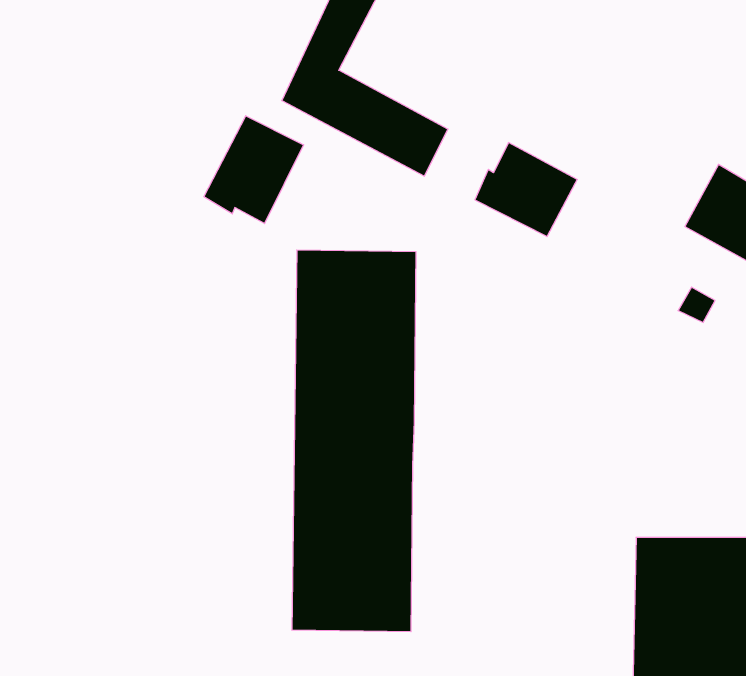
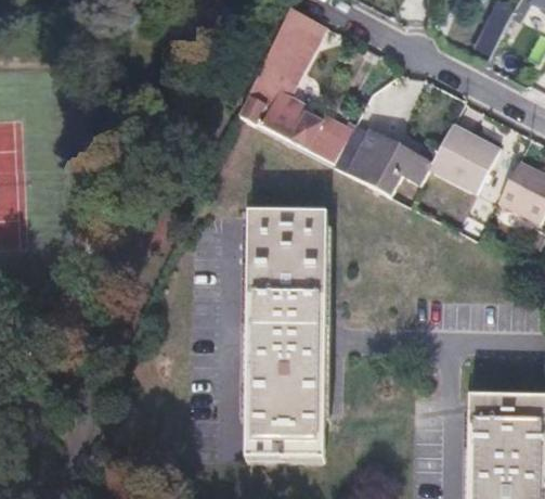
building: none -> [429,120,502,193]
building: none -> [332,124,386,180]
building: [204,116,304,224] -> none

